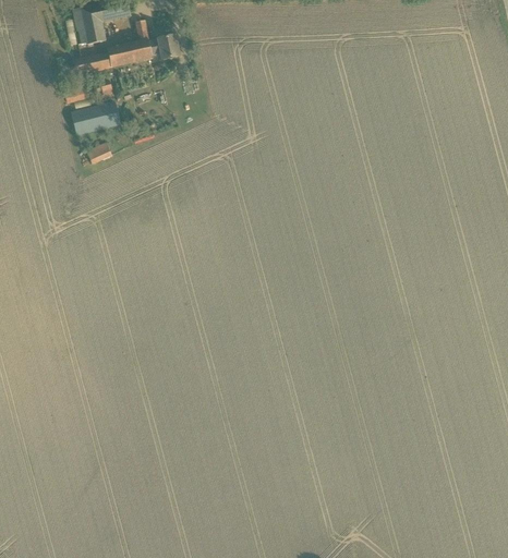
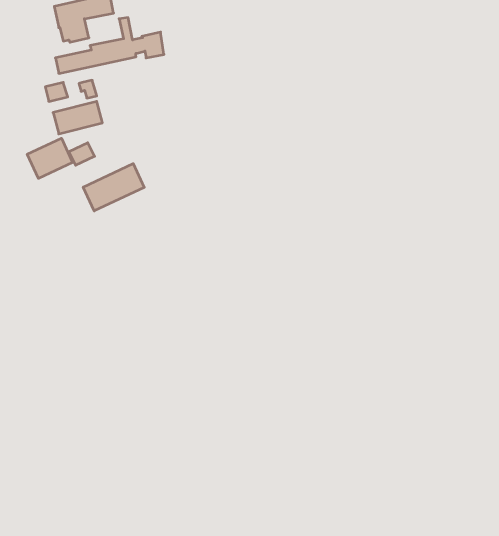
building: none -> [27,138,73,178]
building: none -> [83,164,144,211]

